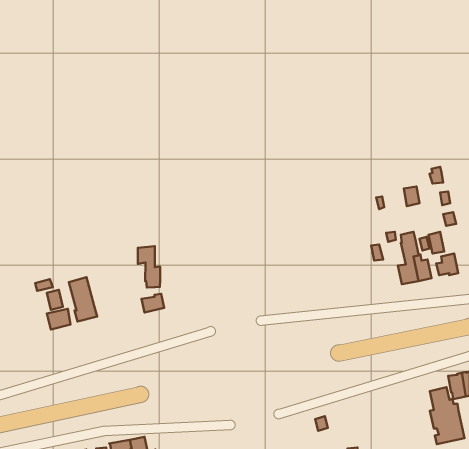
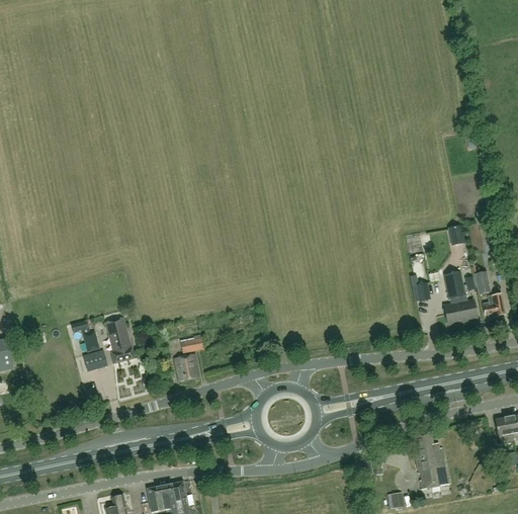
building: [138,246,160,288] -> none
building: none -> [174,354,199,381]
building: [430,387,464,444] -> [414,431,449,490]

